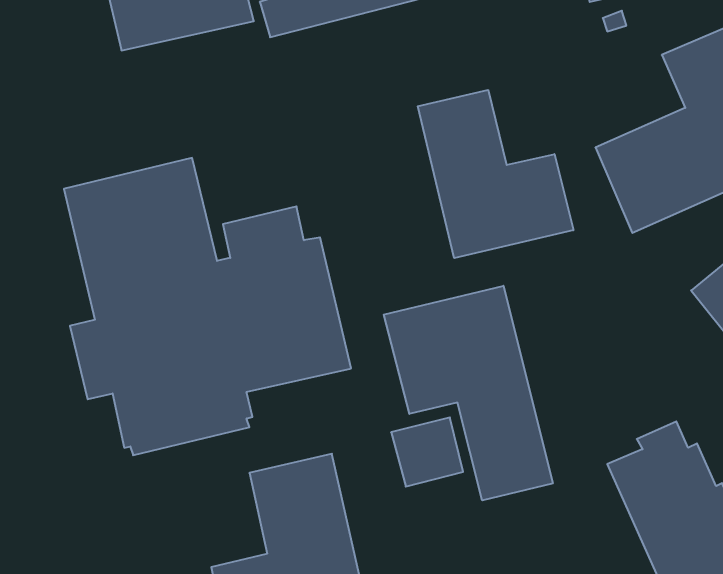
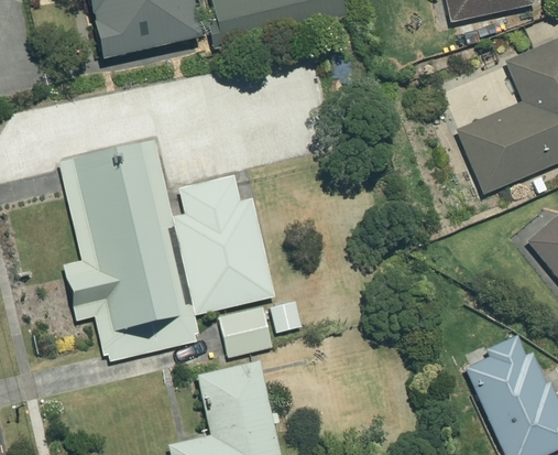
building: [418,90,573,258] -> none
building: [384,286,553,500] -> none
building: [391,417,463,487] -> [218,305,272,357]

